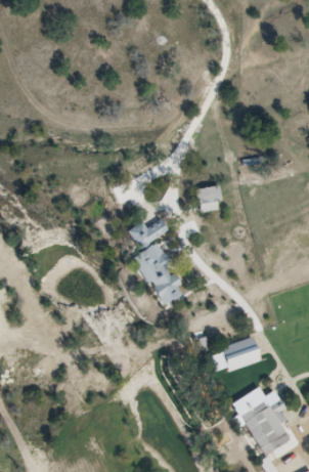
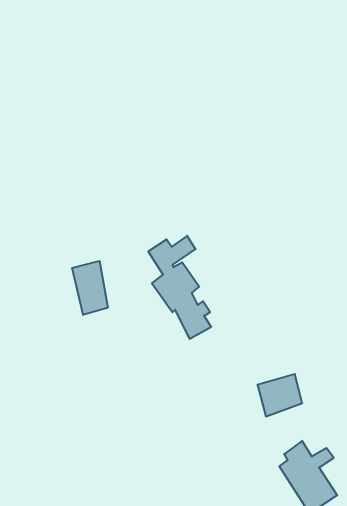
building: [194,186,221,214] -> none
building: none -> [72,261,108,315]

